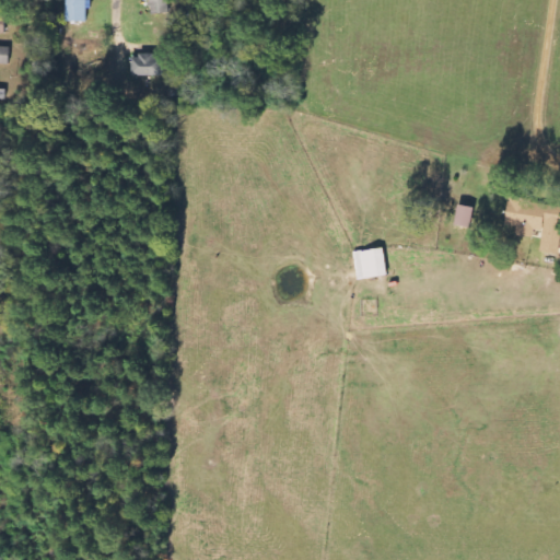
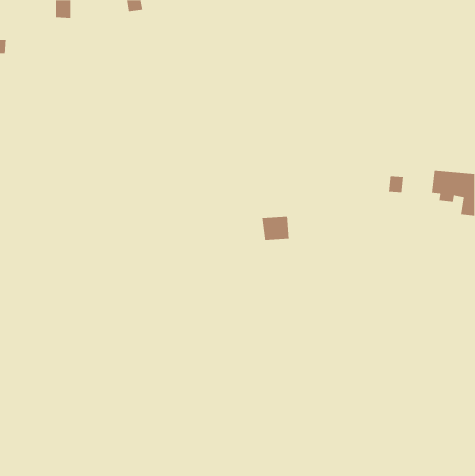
building: [129,55,161,77] -> none
building: [352,249,385,279] -> [262,216,290,241]

